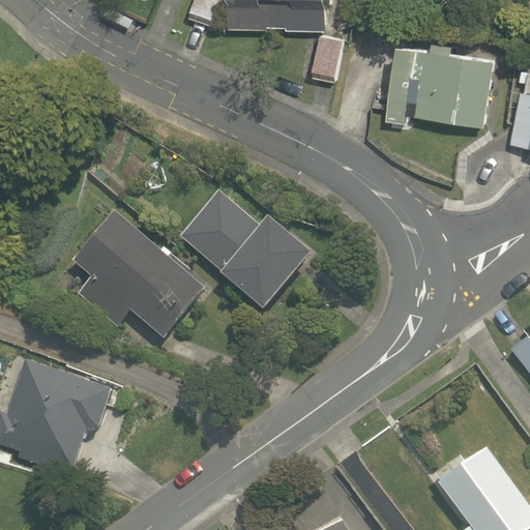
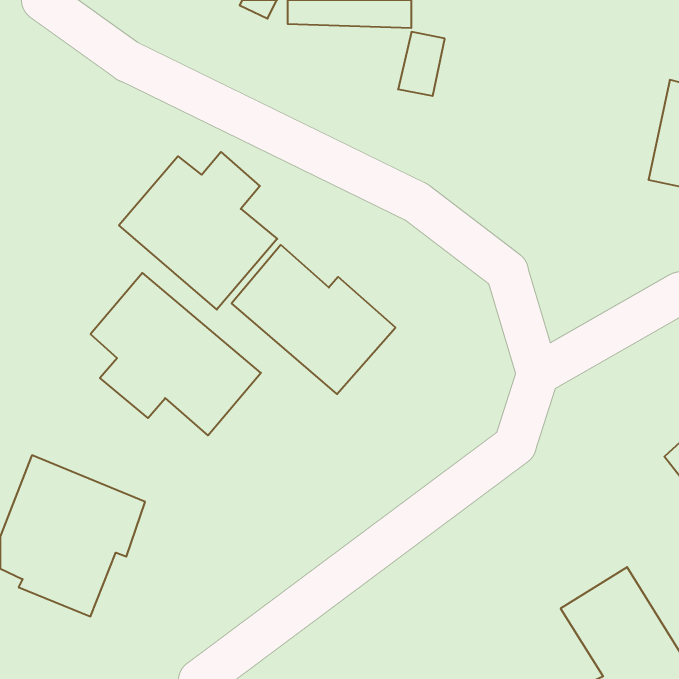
building: [386,41,492,124] -> none
building: none -> [119,152,277,310]

